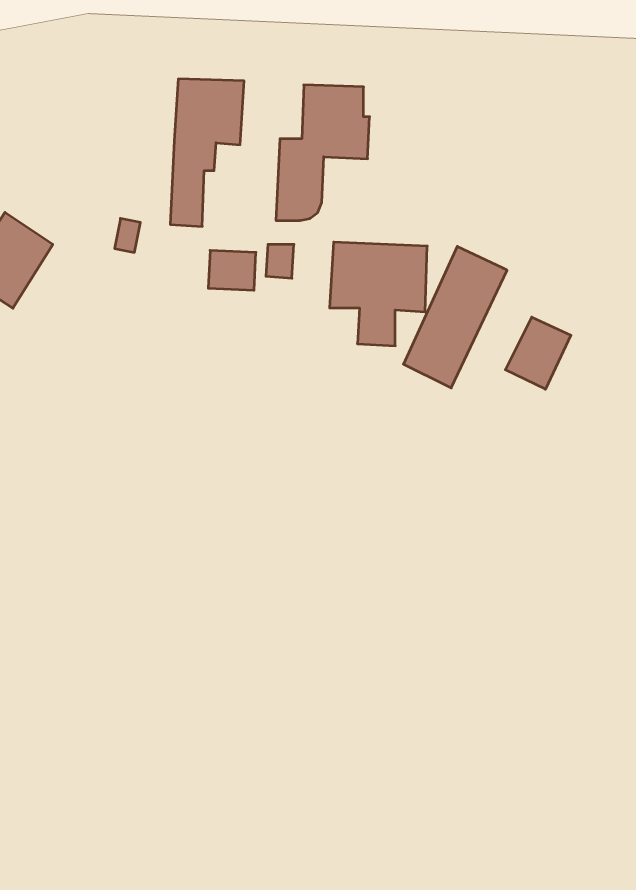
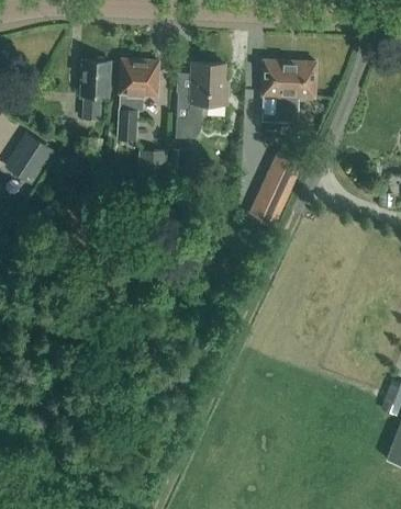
building: none -> [80,58,110,117]
building: [330,242,427,346] -> [261,58,315,115]
building: [505,317,571,389] -> none

